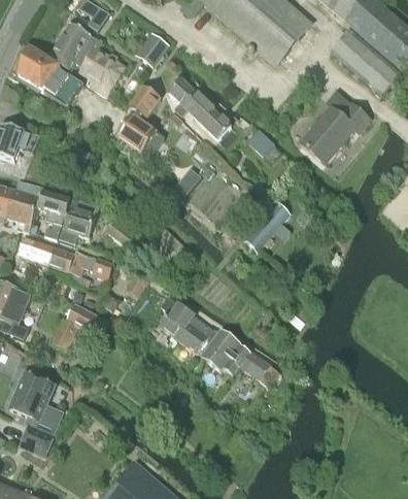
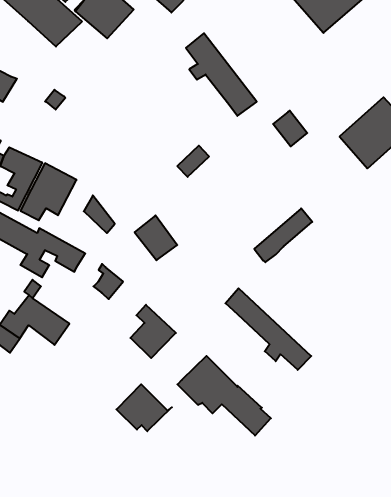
building: [116,87,160,154] -> none
building: none -> [225,288,311,370]
building: [178,315,222,352] -> [116,384,172,431]

